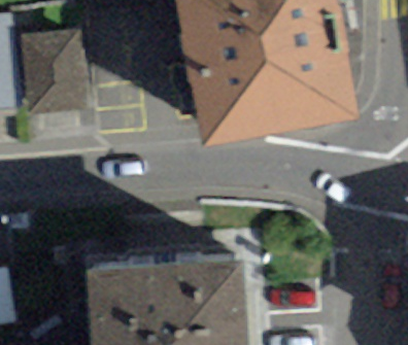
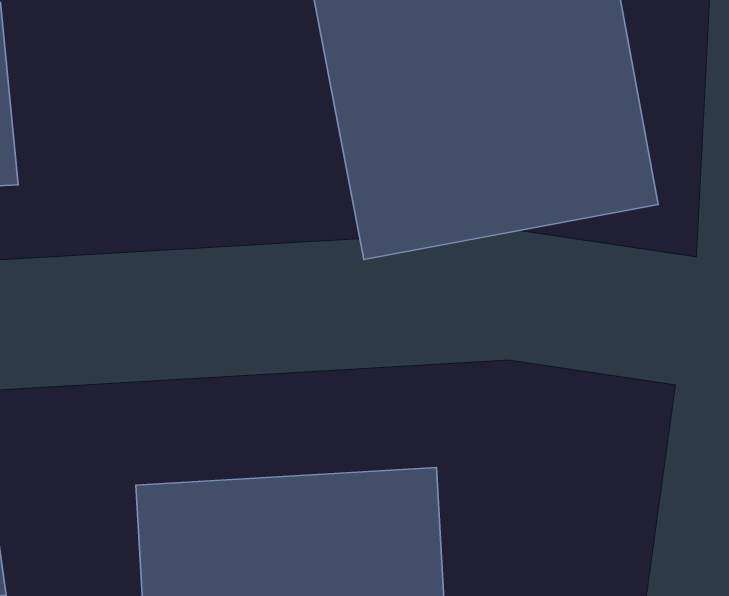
building: [21,27,87,111] -> none

